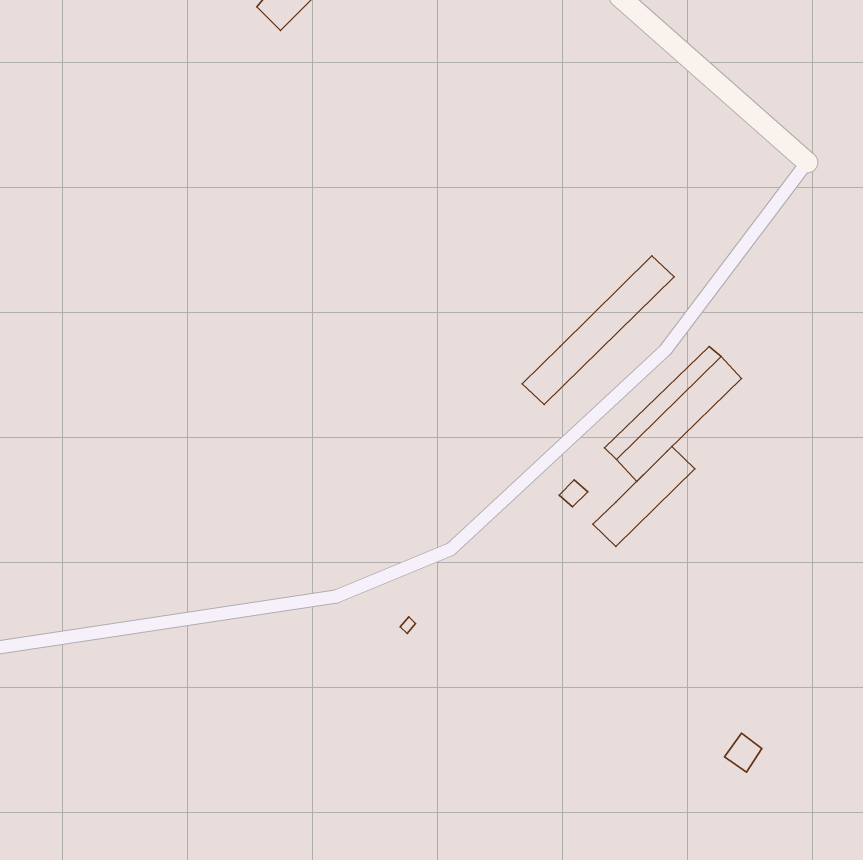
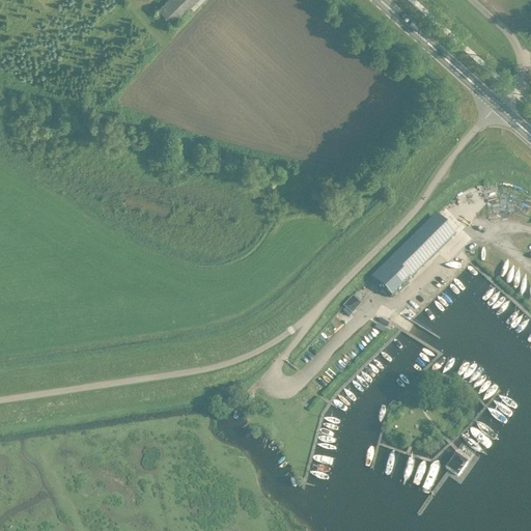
building: [522,256,674,405] -> none
building: [593,447,695,547] -> none

